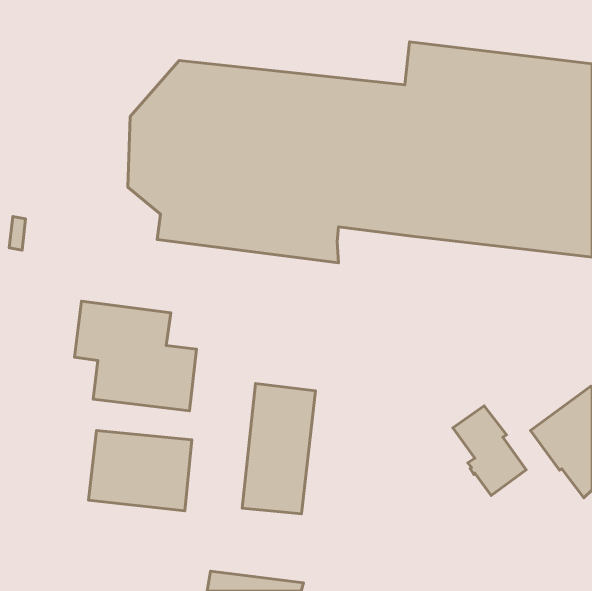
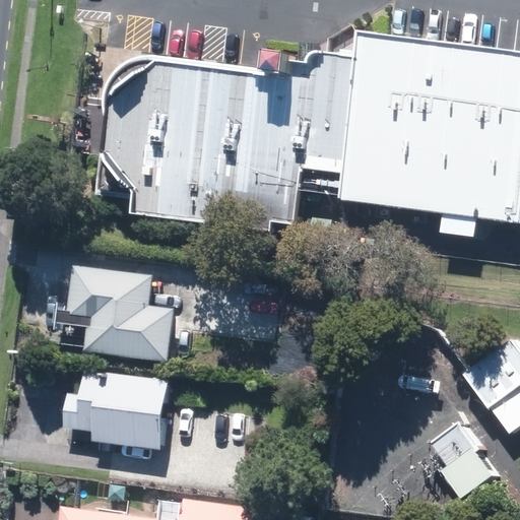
building: [242,383,316,514] -> none
building: [453,406,526,495] -> [431,425,495,503]

